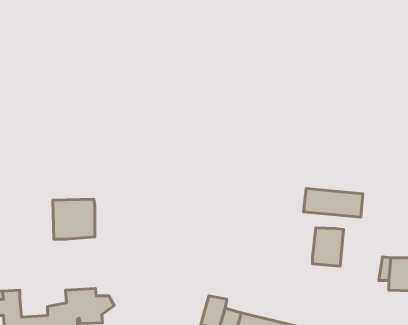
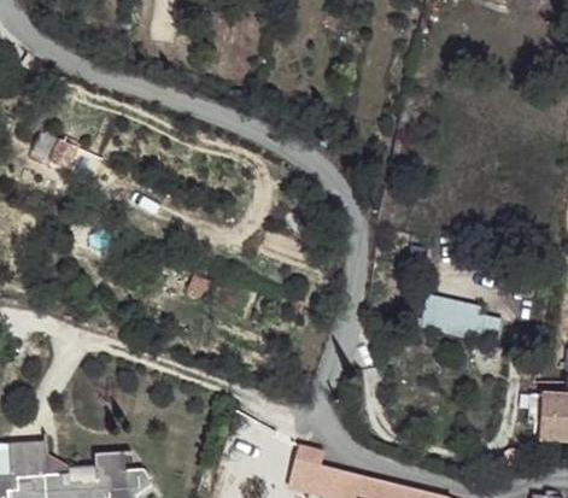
building: [53,199,95,239] -> none
building: [312,228,344,266] -> none

